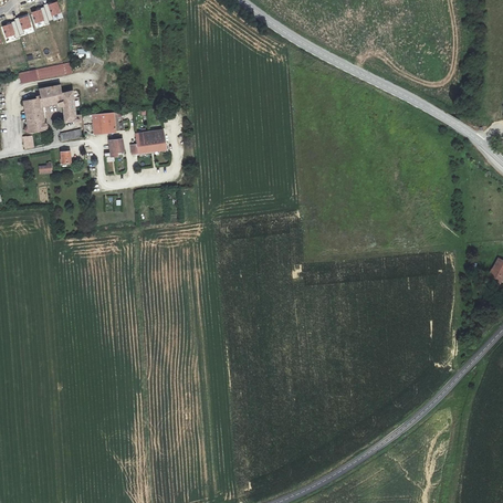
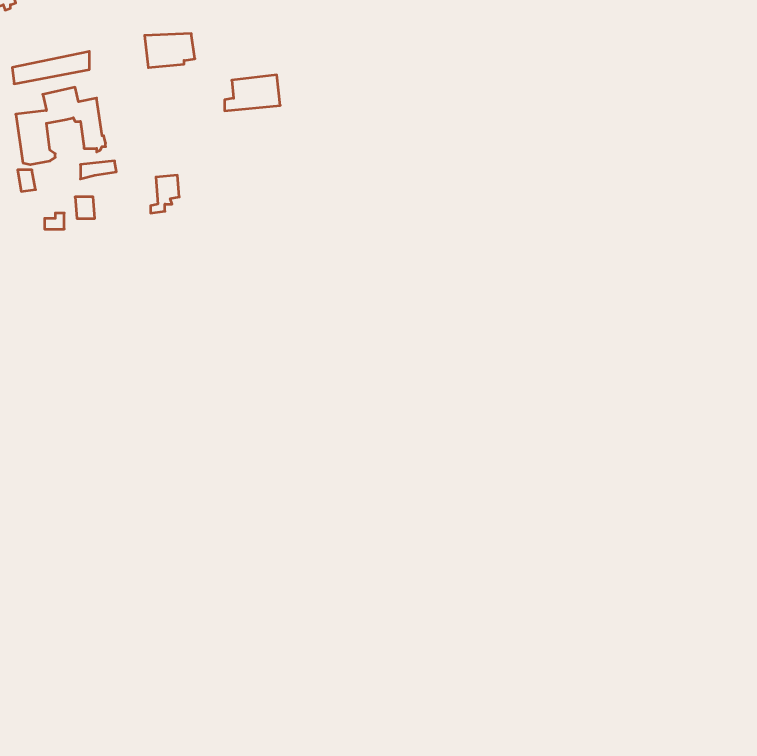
building: [92,113,123,134] -> [145,34,195,68]
building: [132,129,166,151] -> [225,75,280,111]

